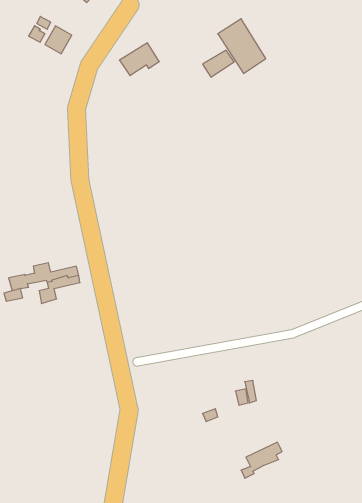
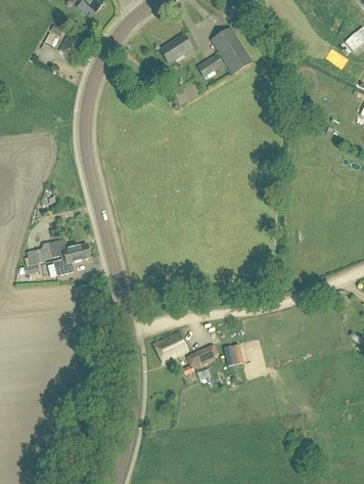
building: [119,43,159,76] -> [158,34,193,62]
building: none -> [153,331,188,362]
building: [241,442,282,478] -> [182,343,218,375]

